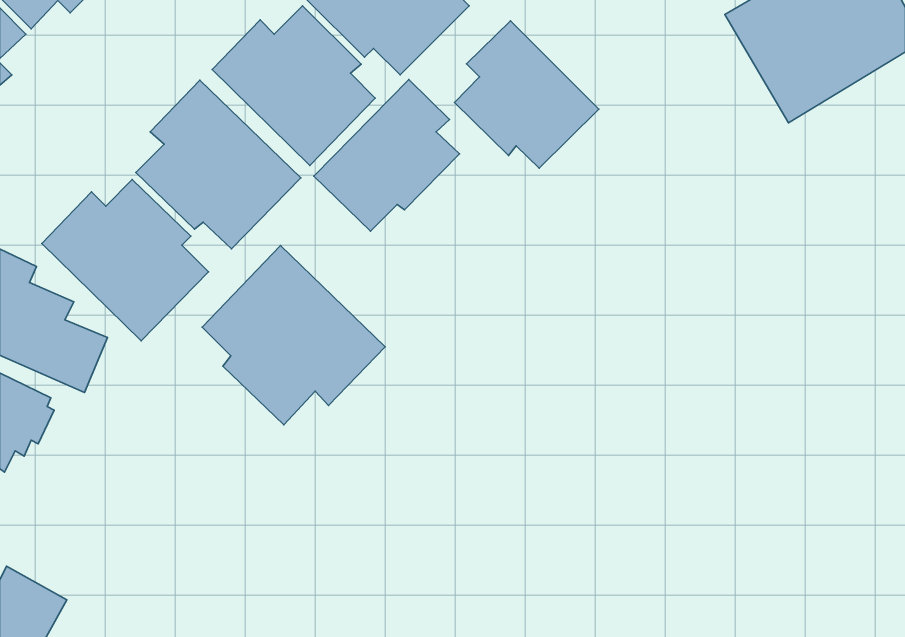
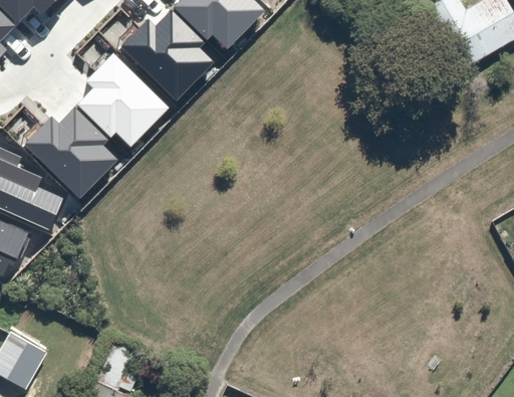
building: [454,21,599,168] -> none
building: [314,79,460,231] -> none
building: [202,246,385,425] -> none

